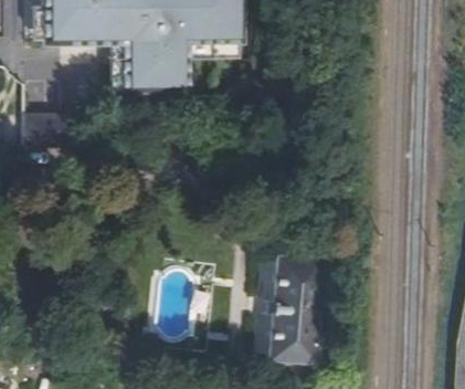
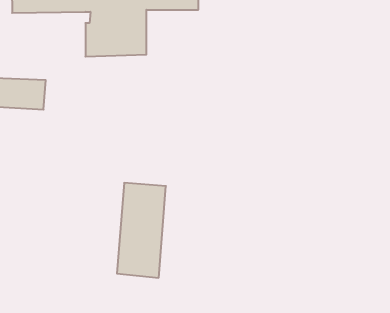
building: [268,257,321,360] -> [117,183,166,278]

